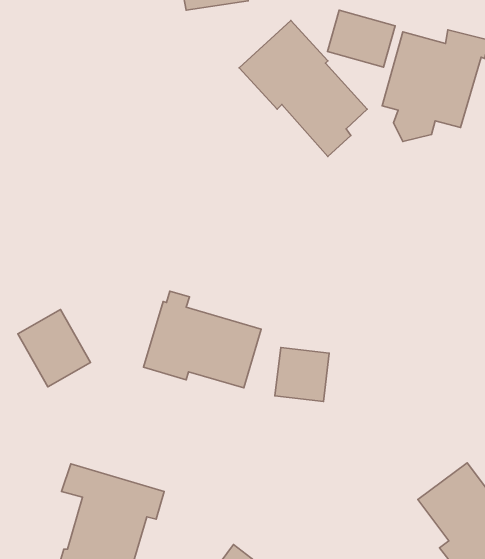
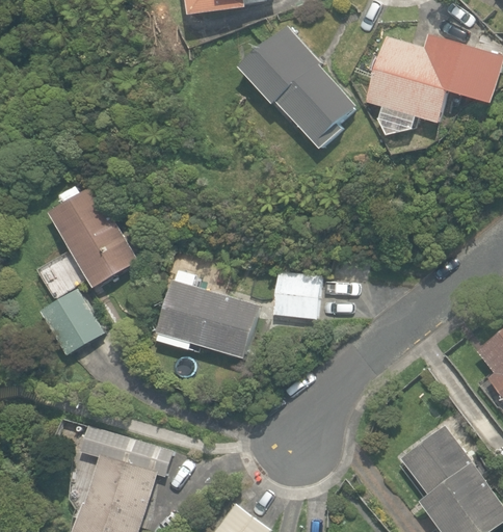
building: [328,10,395,67] -> none
building: none -> [48,185,140,289]
building: [275,348,329,402] -> [271,270,320,319]

